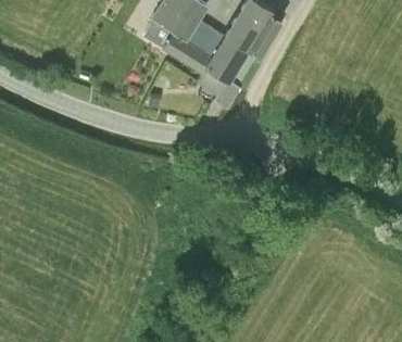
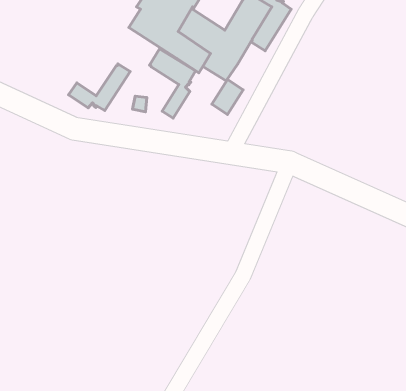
building: none -> [149,49,195,118]
building: none -> [69,64,130,111]

